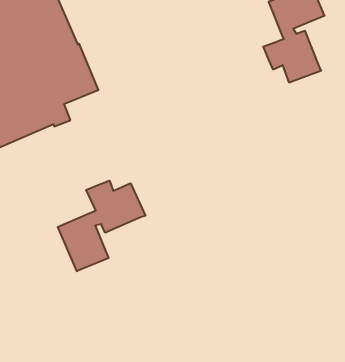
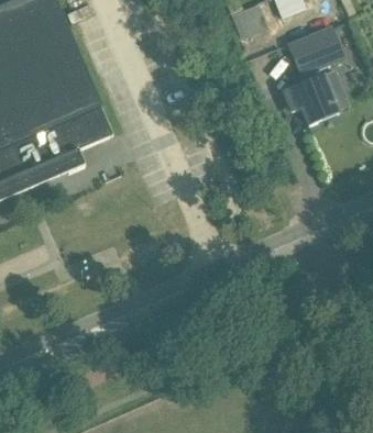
building: [58,181,145,271] -> none

